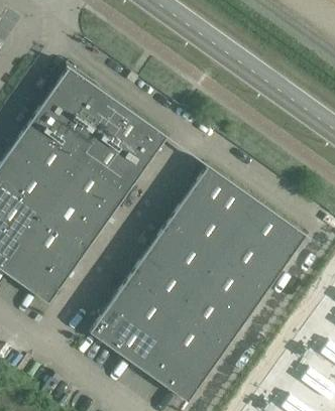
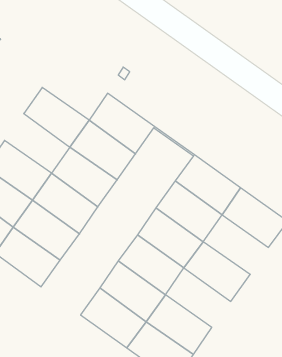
building: [48,67,117,130] -> none
building: [9,123,78,185] -> none
building: [217,229,286,291] -> none
building: [178,284,246,347] -> none

